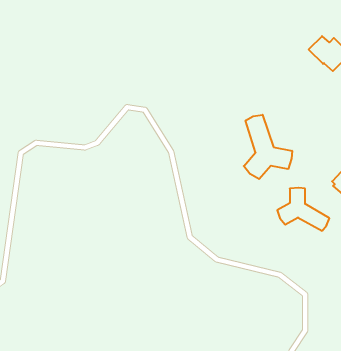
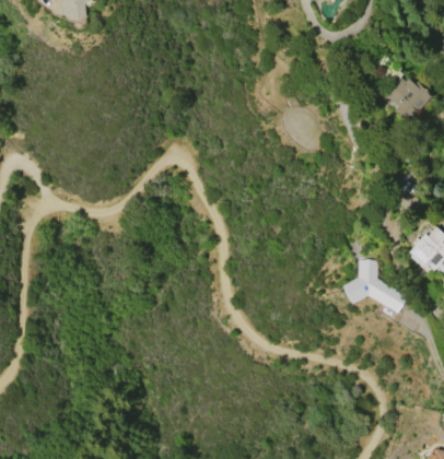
building: [244,115,292,179] -> none

